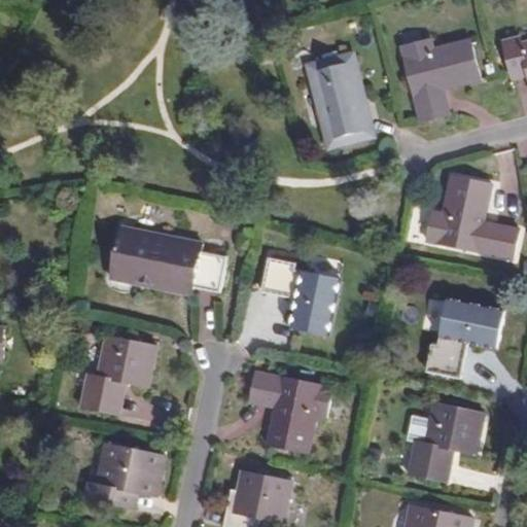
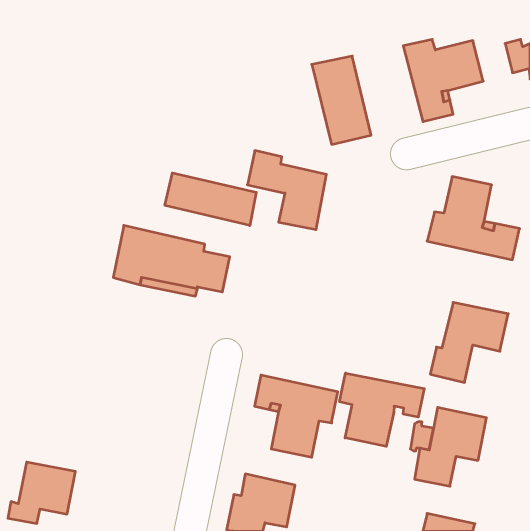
building: none -> [165,173,256,226]
building: [264,255,342,333] -> [247,151,326,230]
building: [82,335,154,413] -> none
building: none -> [340,373,424,446]
building: [96,444,163,504] -> [8,462,75,523]

